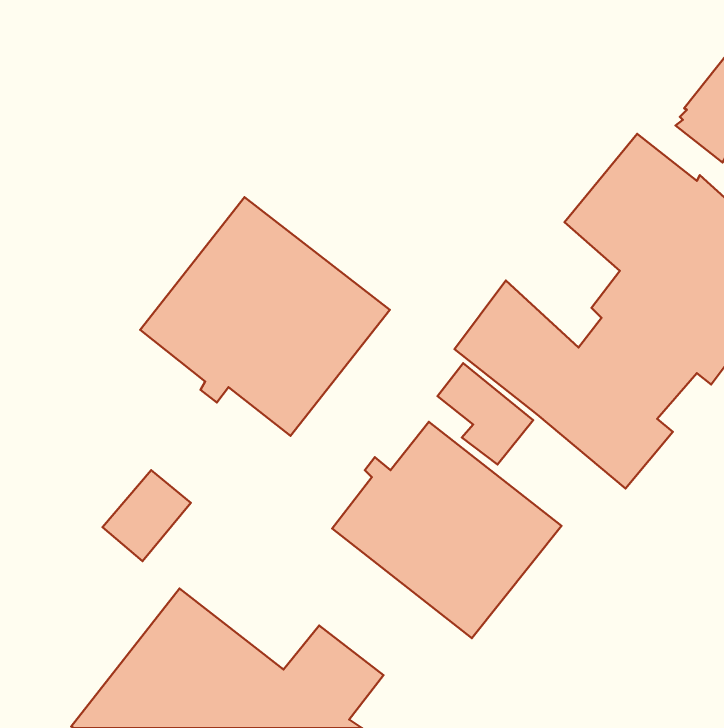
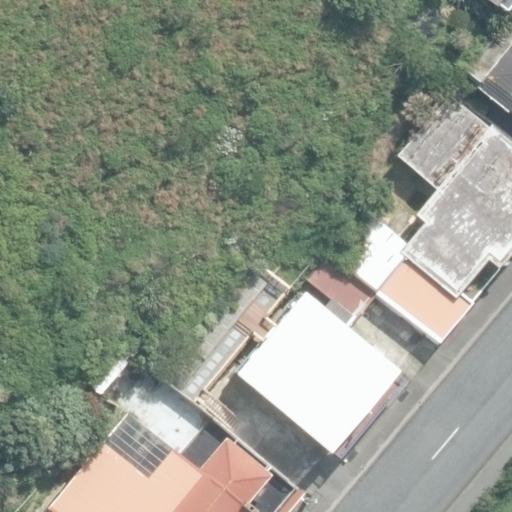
building: [140,197,390,436] -> none

